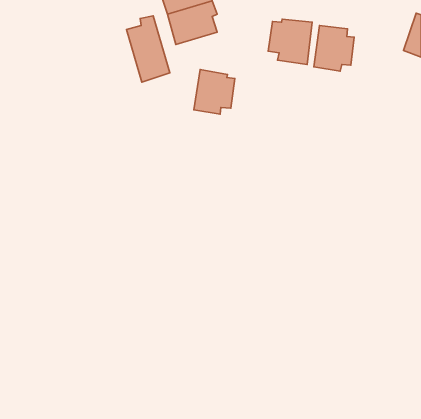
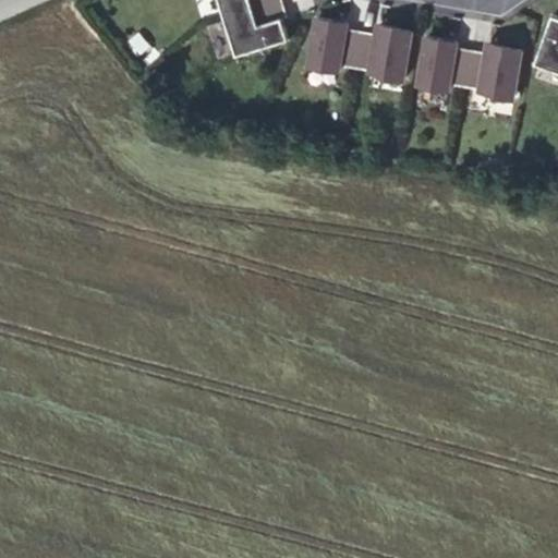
building: [126,16,170,82] -> none
building: none -> [463,41,525,105]
building: [194,69,235,114] -> [305,16,360,75]

